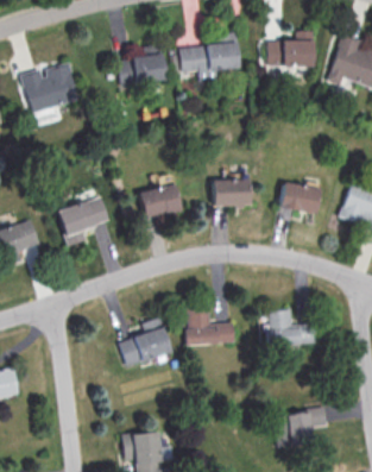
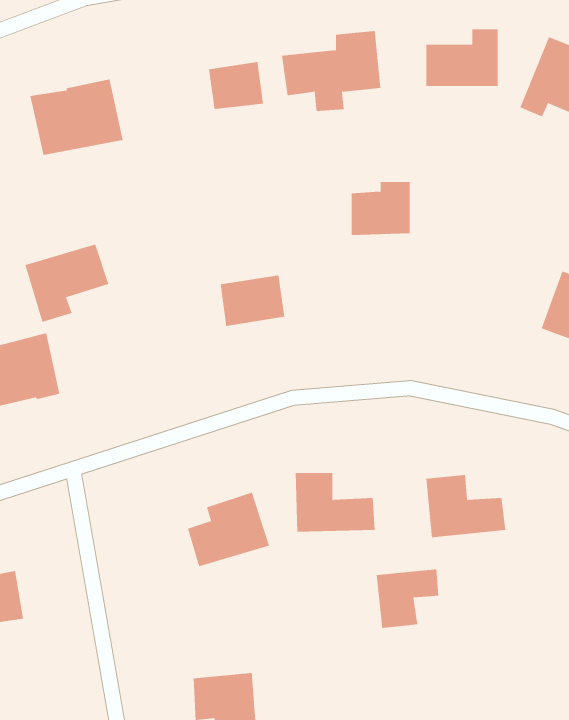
building: [213,172,250,206] -> [351,182,411,235]
building: [280,183,319,210] -> none
building: [57,196,109,245] -> [25,244,109,323]
building: [288,408,327,445] -> [376,569,439,628]

